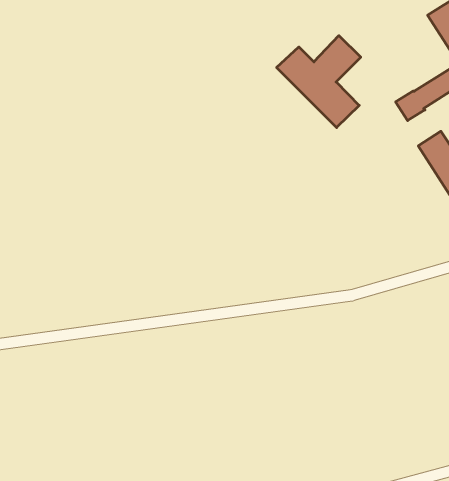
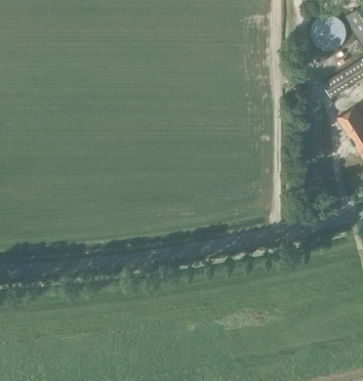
building: none -> [310,15,346,51]
building: [277,36,361,128] -> none

